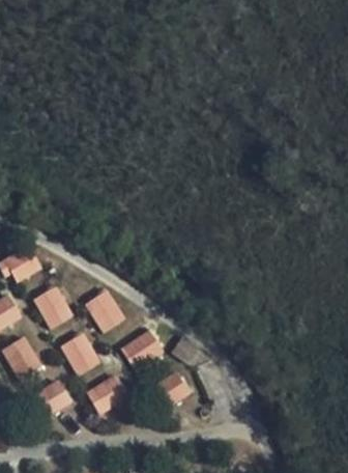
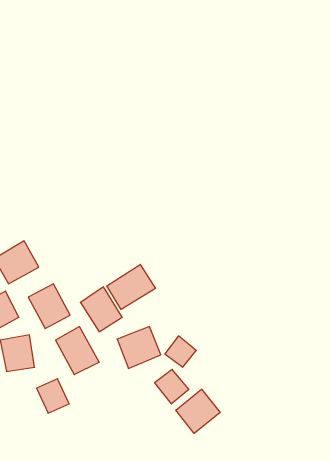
building: none -> [107,264,155,309]
building: [86,374,128,414] -> none
building: none -> [176,389,220,433]

